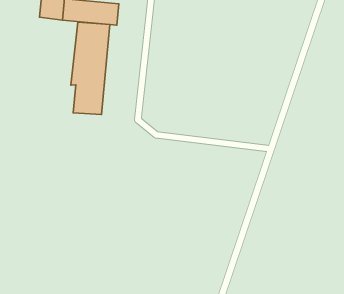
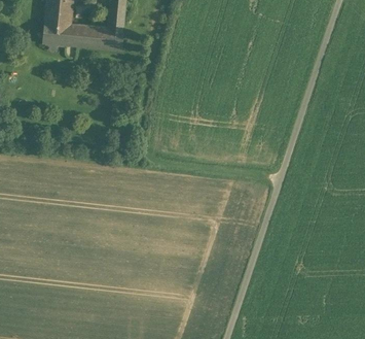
building: [71,22,110,114] -> none

